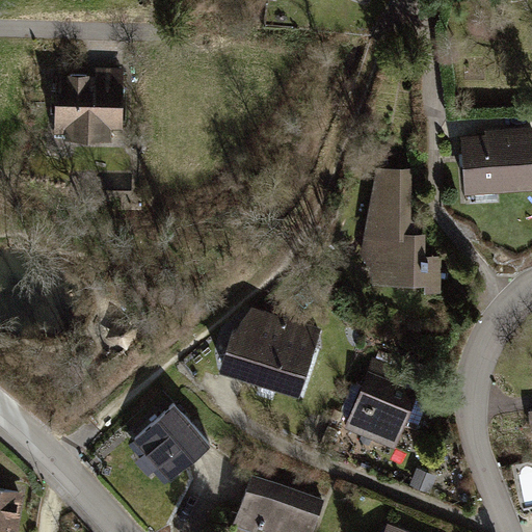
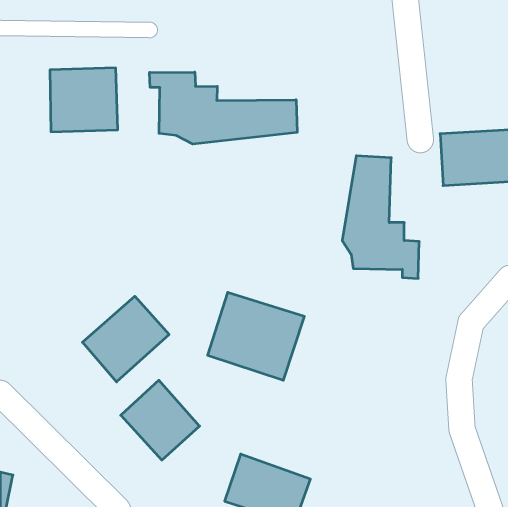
building: none -> [150,72,297,144]
building: none -> [82,296,169,382]
building: [344,371,418,449] -> none

